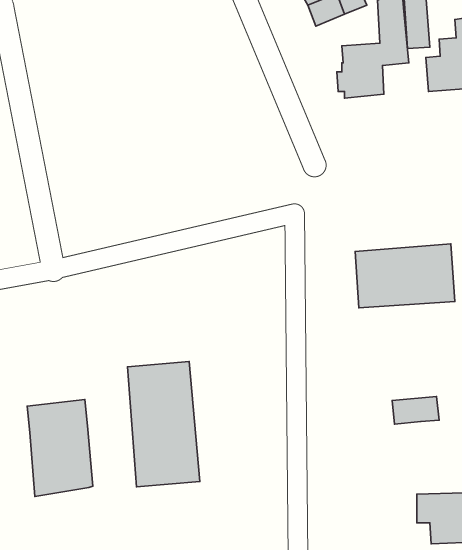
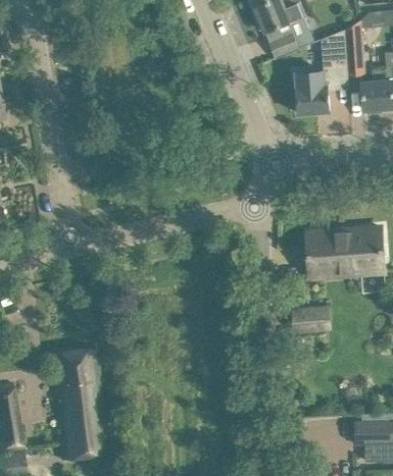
building: [128,362,200,487] -> none
building: [392,396,439,424] -> [294,308,331,329]
building: none -> [58,416,108,459]

